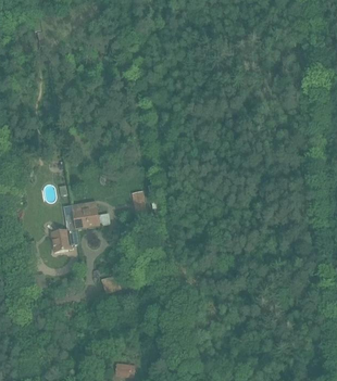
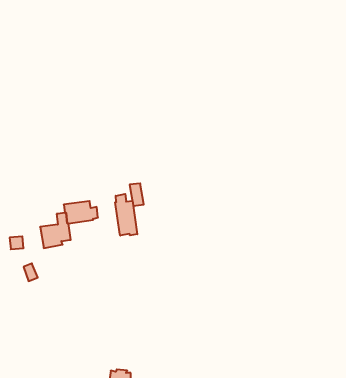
building: none -> [115,194,137,236]

